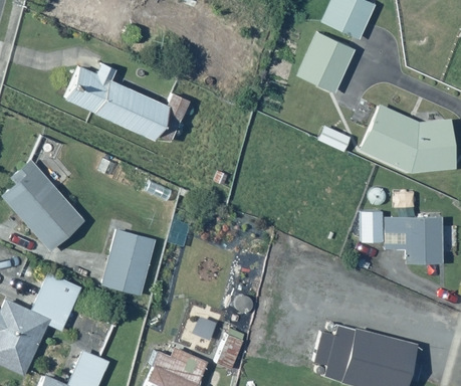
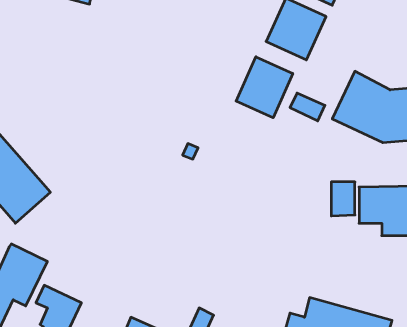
building: [63,64,188,144] -> none
building: none -> [236,57,293,118]
building: [101,230,154,294] -> none

